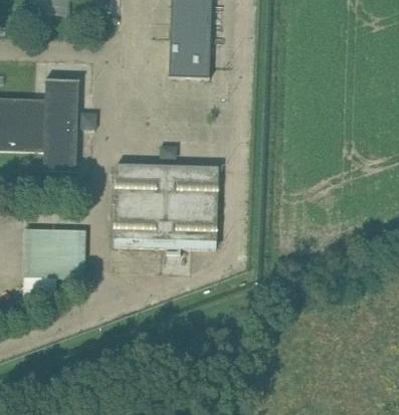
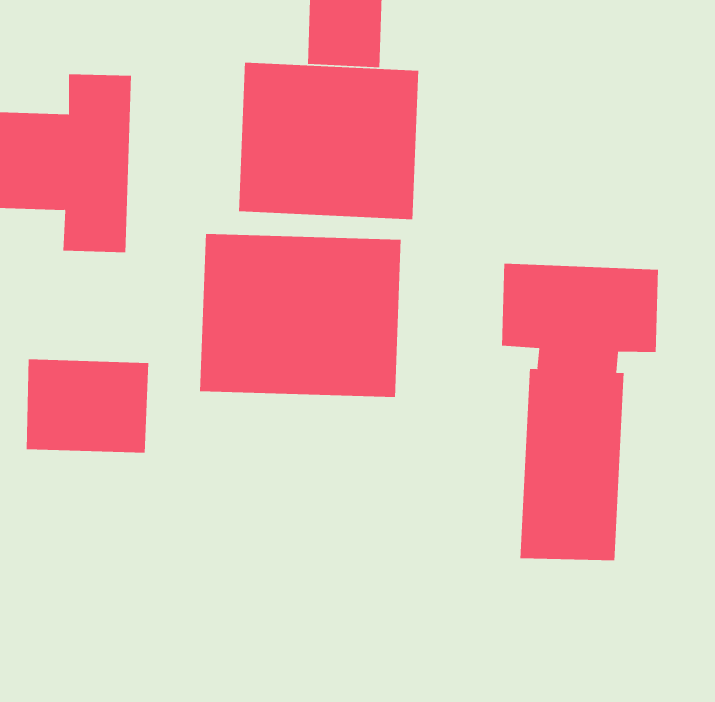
building: none -> [238,62,419,220]
building: none -> [501,263,659,561]

